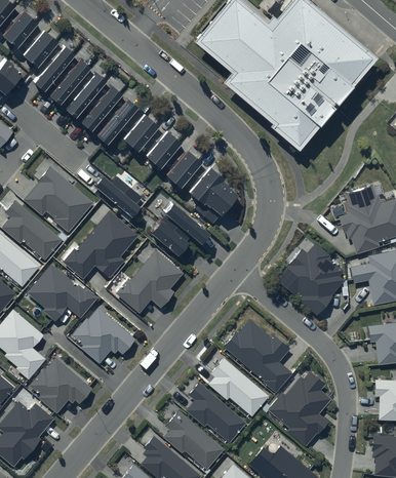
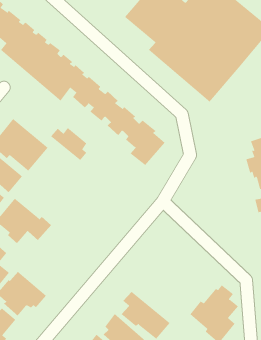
building: [150,202,212,256] -> none
building: [64,212,140,280] -> none
building: [276,242,344,315] -> none
building: [115,248,183,313] -> none
building: [72,307,135,363] -> none
building: [223,318,291,393] -> none
building: [207,357,268,415] -> none

